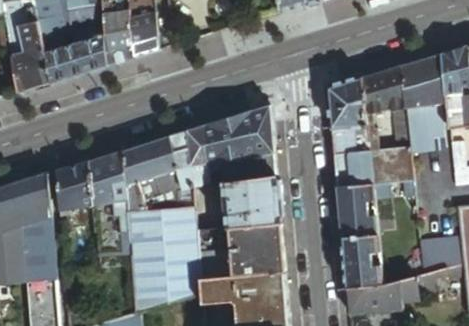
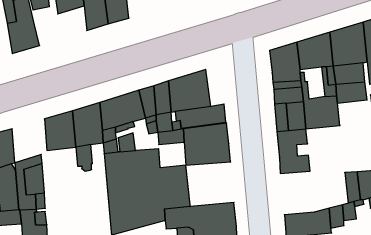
building: [43,34,107,82] -> none
building: [251,105,275,156] -> none
building: [17,173,52,224] -> none
building: [227,223,285,277] -> none
building: [341,234,382,287] -> none

